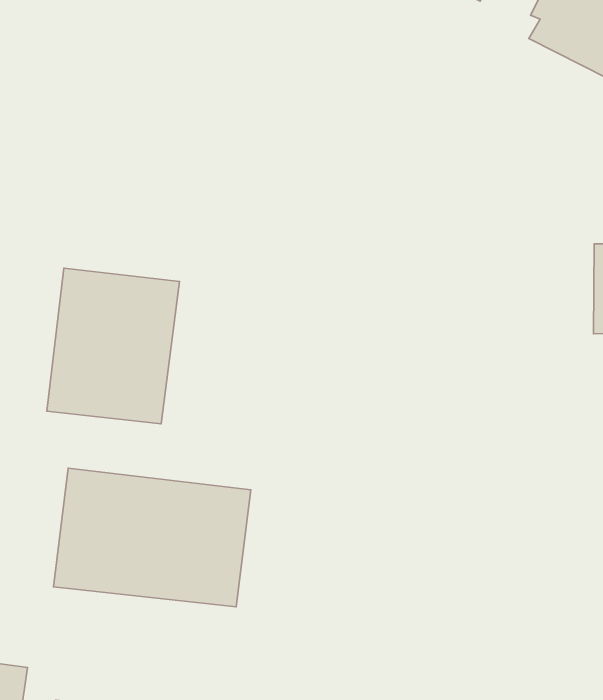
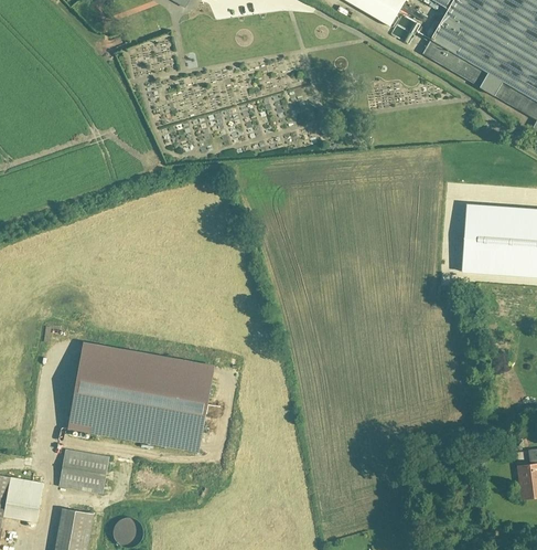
building: [47,268,180,424] -> none
building: none -> [60,448,108,491]

